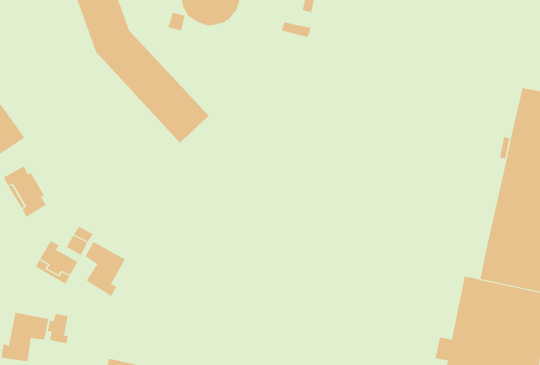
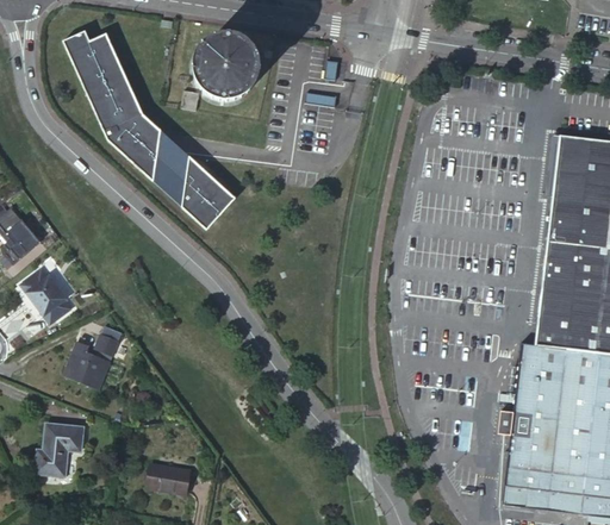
building: [85,241,125,297] -> none
building: [47,313,68,344] -> none

